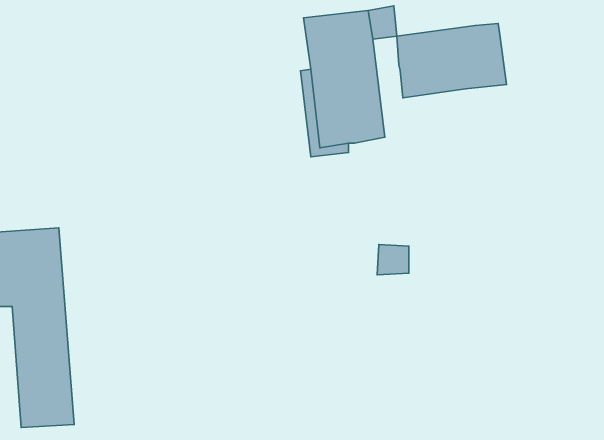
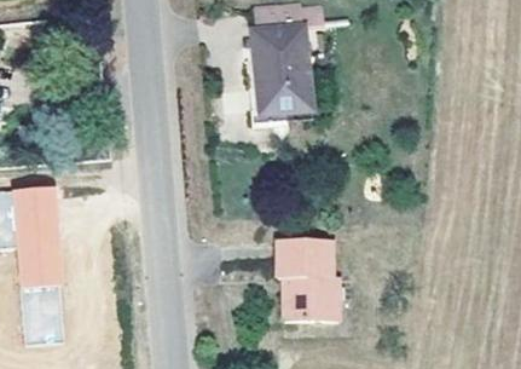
building: [397,23,507,98] -> none
building: none -> [276,241,337,321]

